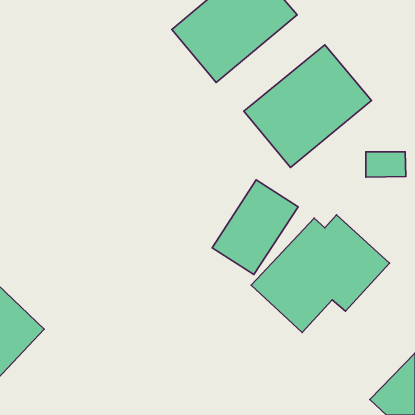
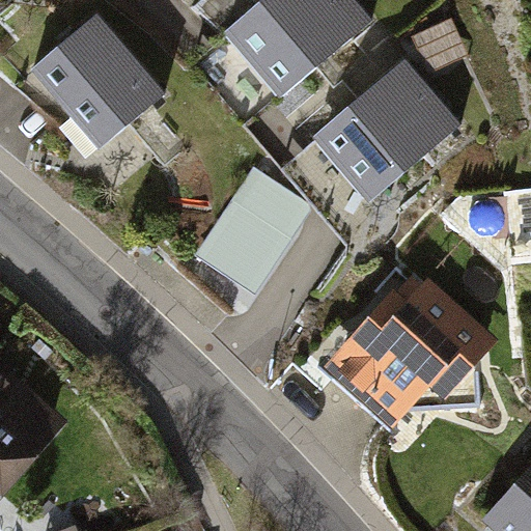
building: none -> [33,16,164,148]
building: [212,180,298,275] -> [197,169,306,289]

